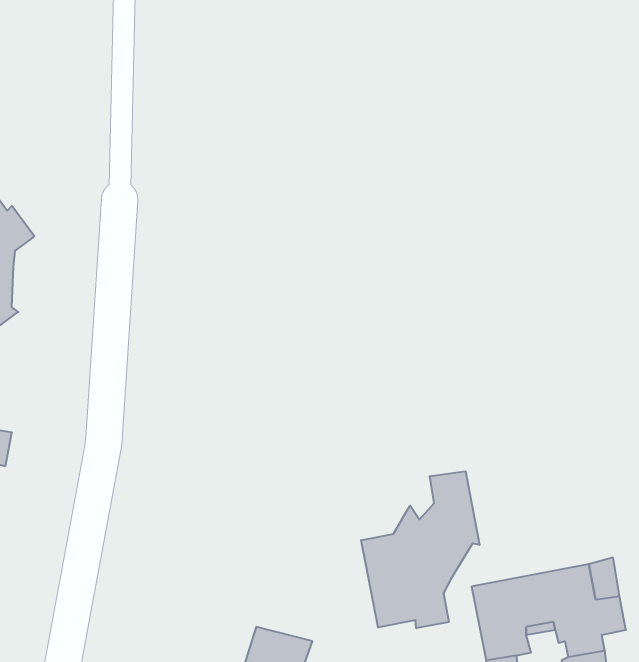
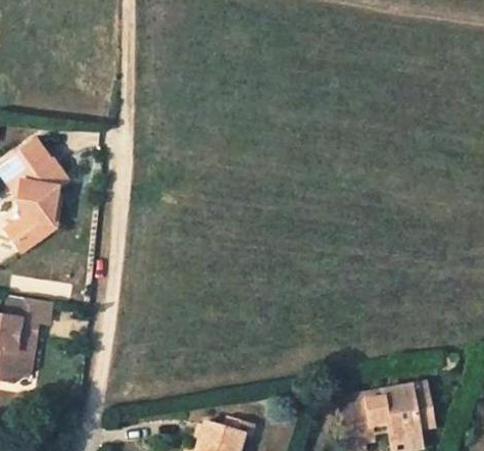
building: [361,471,480,628] -> none

